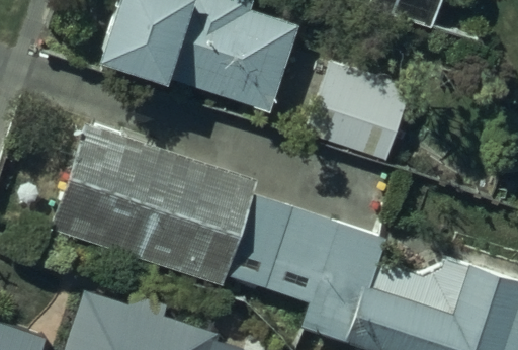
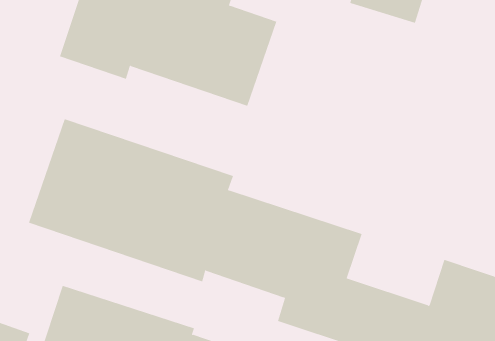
building: [307,62,419,161] -> none

